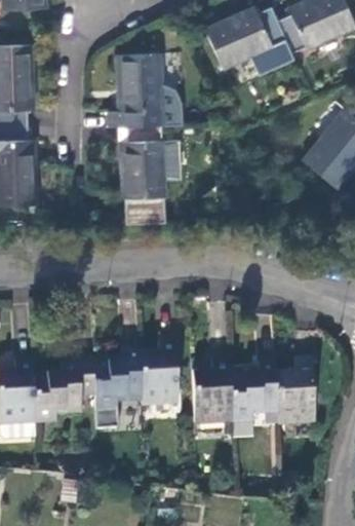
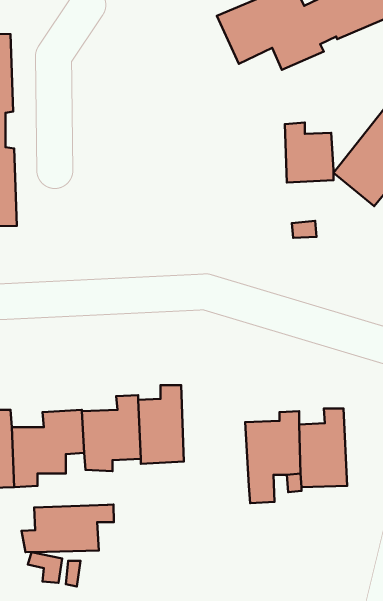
building: [117,53,180,223] -> none
building: none -> [285,123,334,182]
building: [193,356,232,423] -> none
building: none -> [21,505,114,552]

